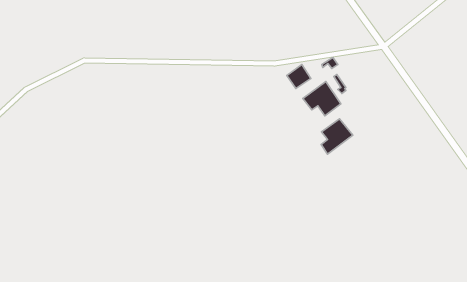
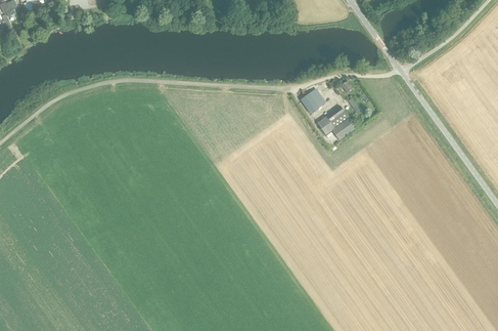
building: [321,119,353,154] -> none

